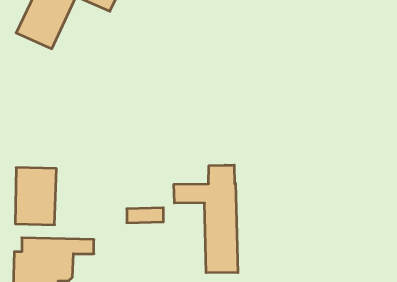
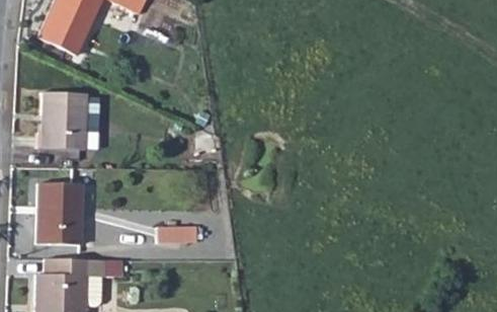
building: none -> [38,92,87,150]
building: [174,165,238,273] -> none

